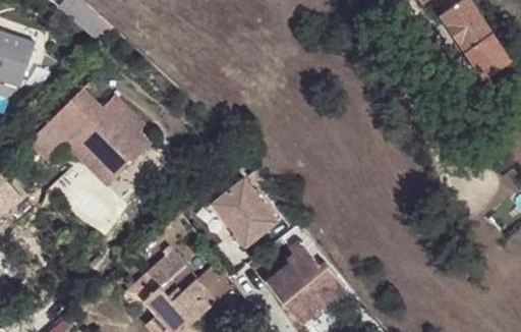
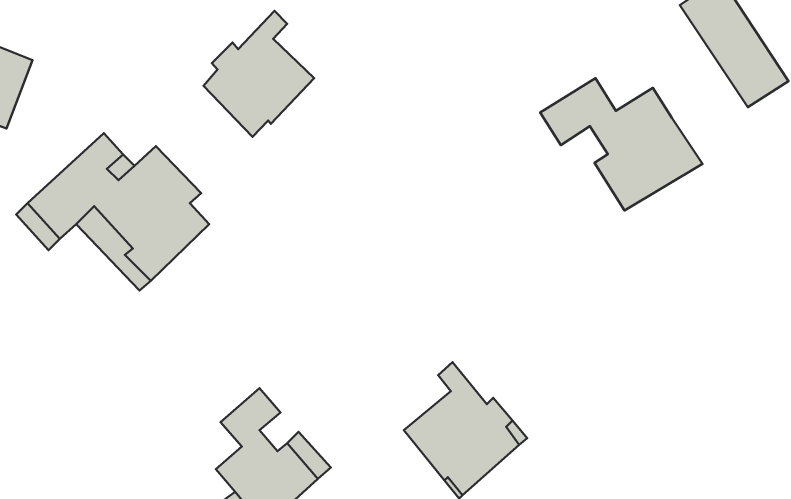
building: none -> [204,11,314,137]
building: none -> [540,78,703,211]
building: [211,177,275,246] -> none

